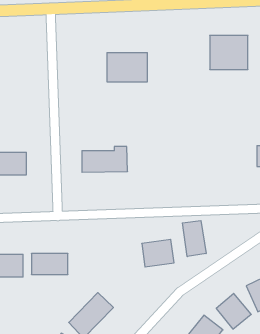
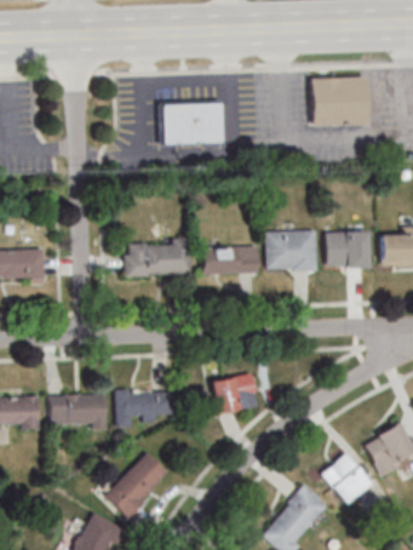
building: none -> [266,231,317,271]
building: none -> [326,231,369,269]
building: none -> [202,248,258,275]
building: [182,221,206,257] -> none
building: none -> [116,390,172,426]

